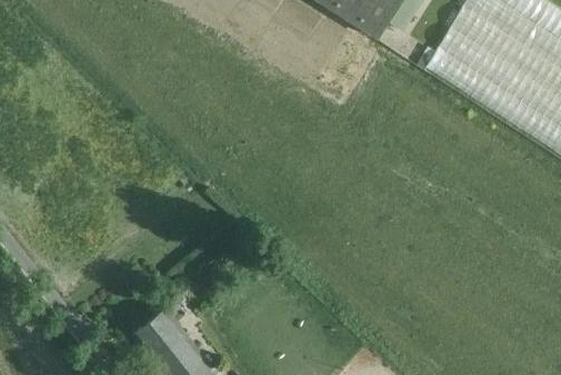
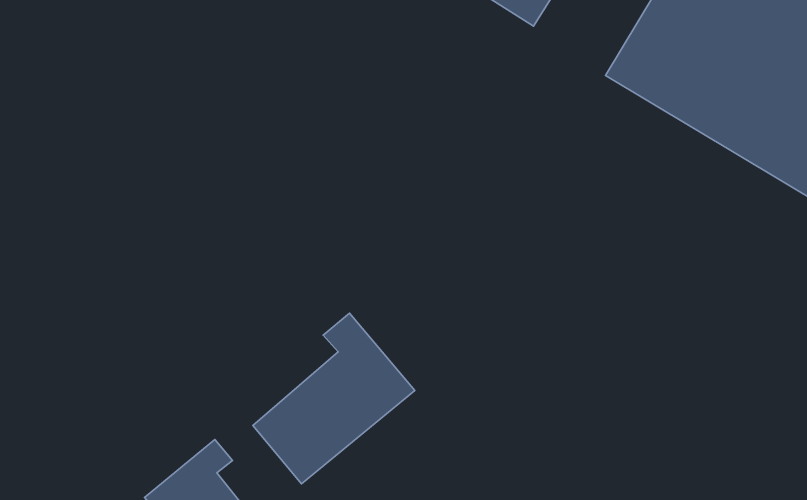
building: none -> [253,313,415,484]

